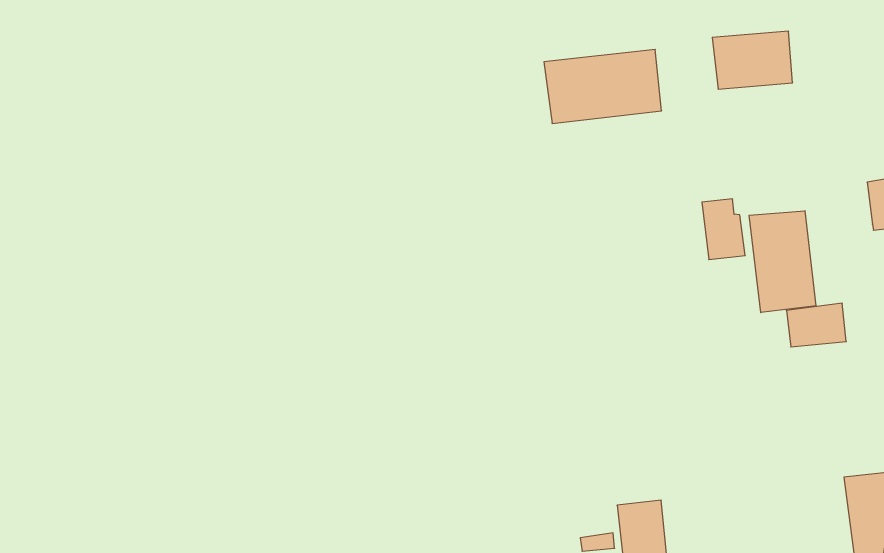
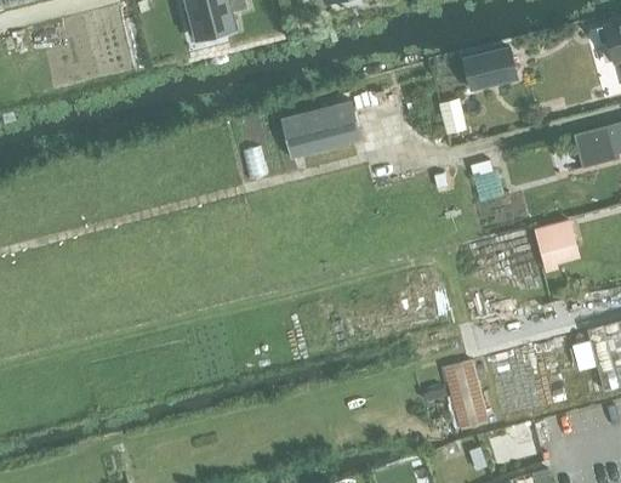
building: [544,49,662,123] -> [280,101,360,158]
building: [749,211,816,313] -> none

